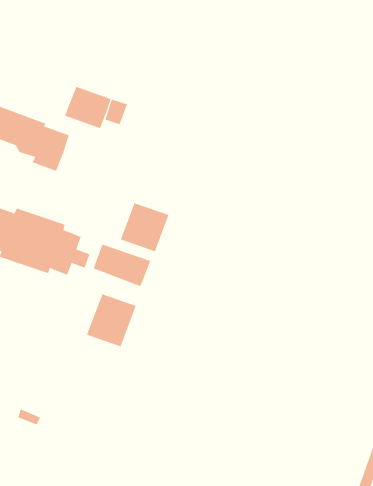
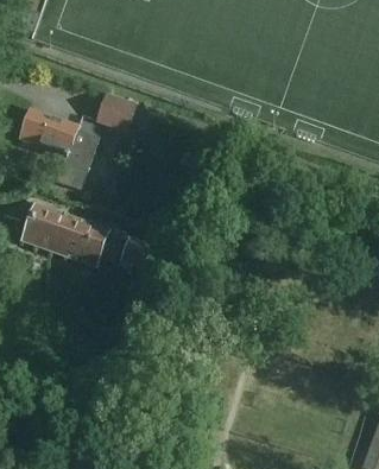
building: [120,202,169,252] -> none
building: [86,293,137,347] -> none

